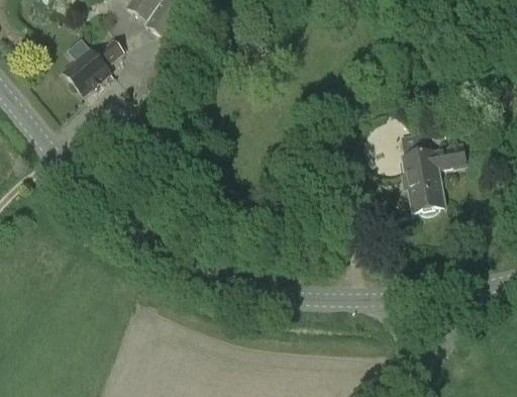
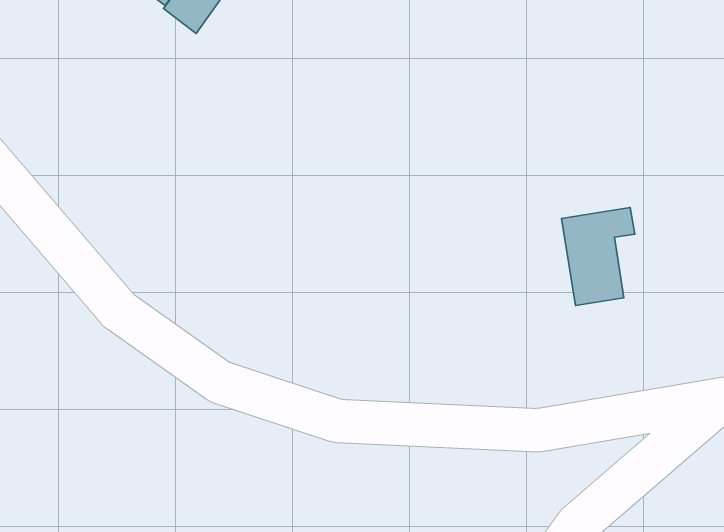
building: [64,35,124,92] -> none

